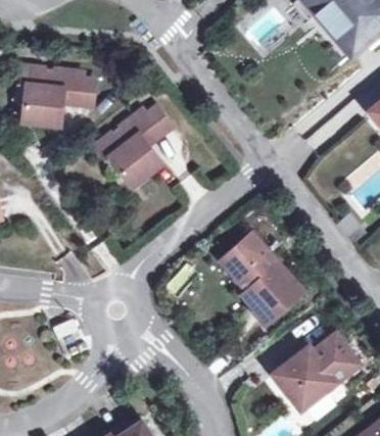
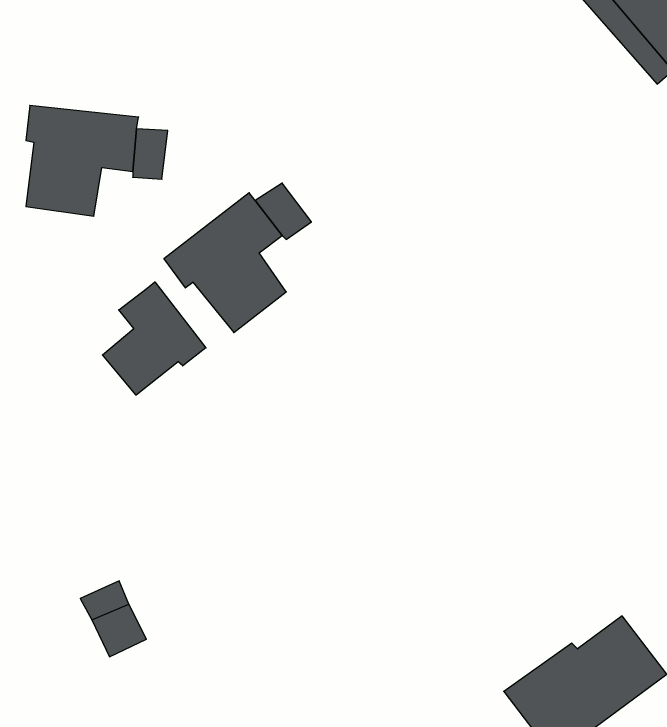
building: none -> [102,282,206,395]
building: [220,234,299,323] -> none

